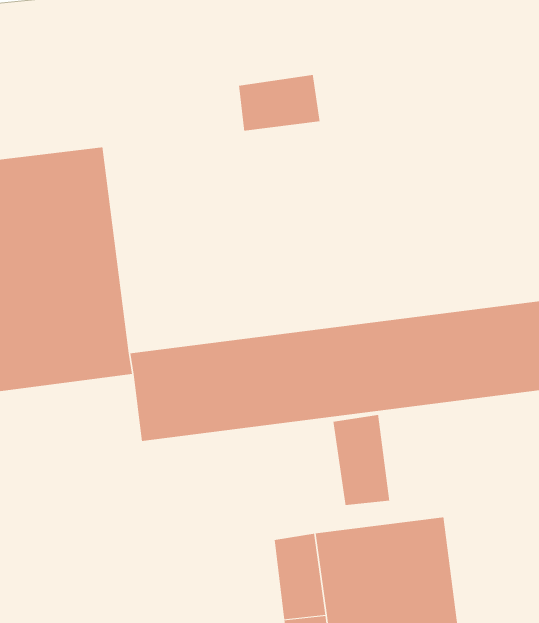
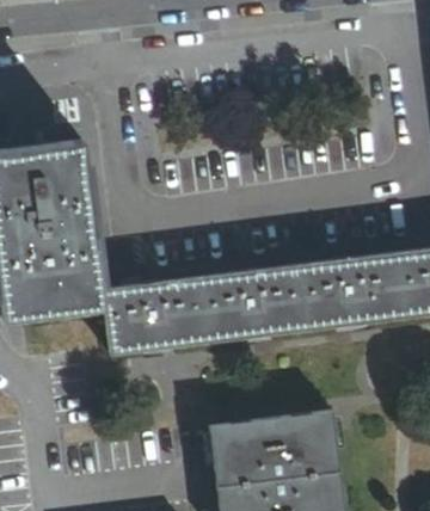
building: [239,74,320,132] -> none
building: [333,414,390,506] -> none

